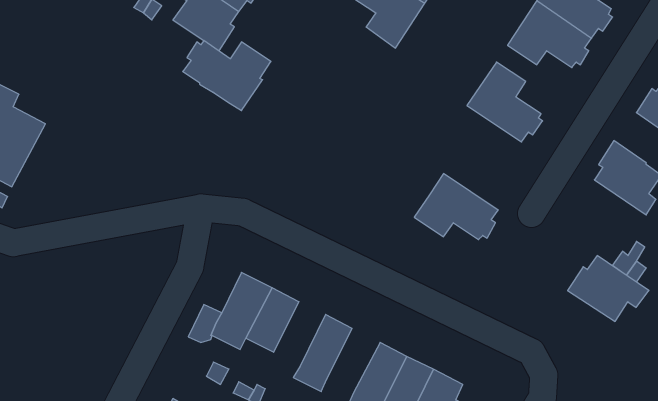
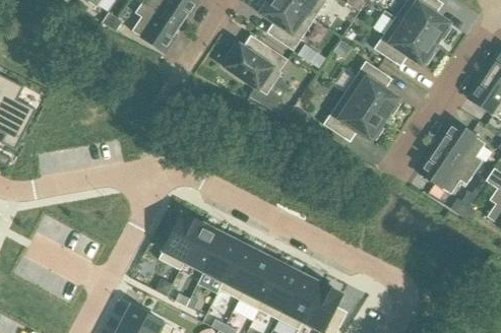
building: [183,41,271,111] -> [225,44,289,94]
building: [414,174,498,240] -> [324,92,385,140]
building: [568,256,649,321] -> [417,146,476,194]
building: none -> [205,235,243,281]
building: none -> [244,254,283,301]

